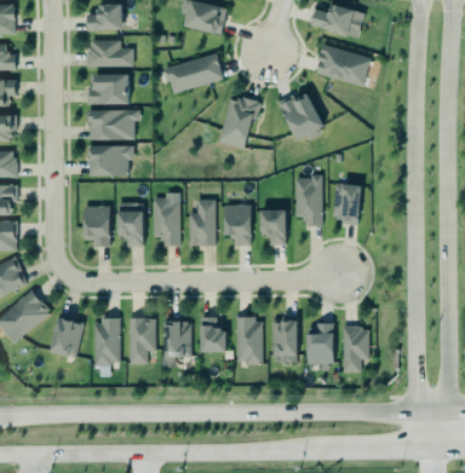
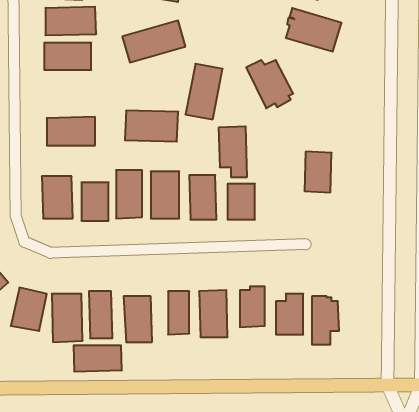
building: [86,111,138,142] -> [125,111,178,142]
building: [299,174,327,224] -> [219,126,247,177]
building: none -> [74,345,122,372]

